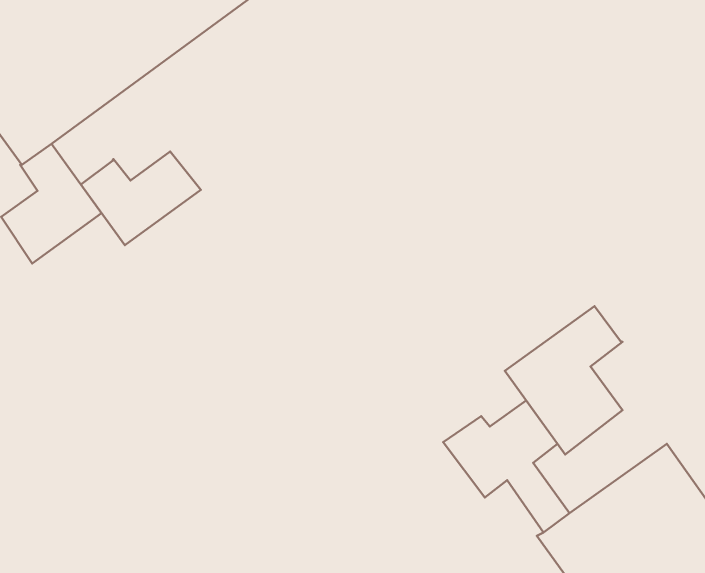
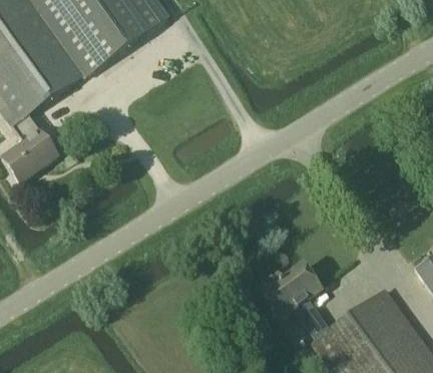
building: [81,151,201,245] -> none
building: [505,306,623,455] -> none

